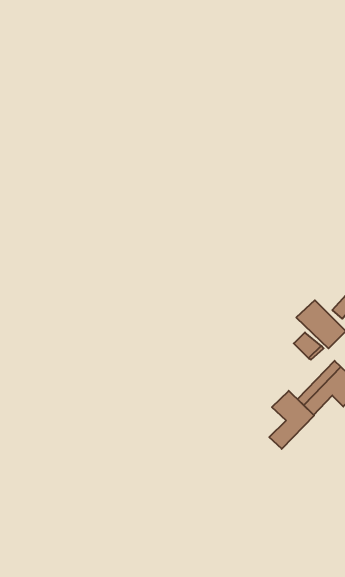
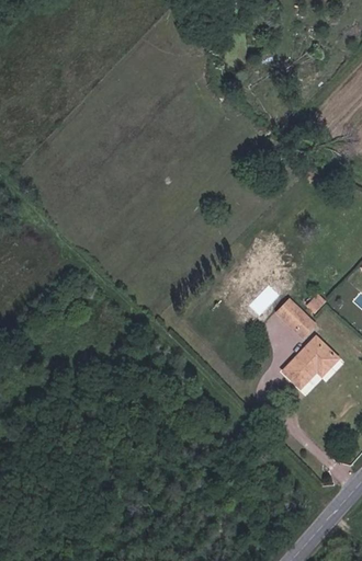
building: [269,391,314,449] -> none

